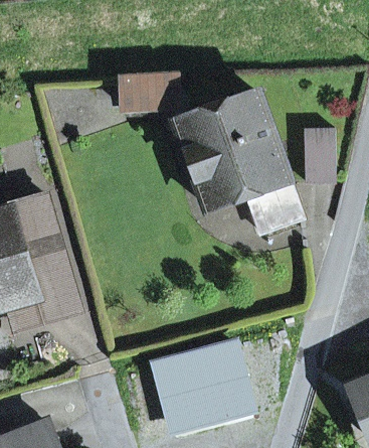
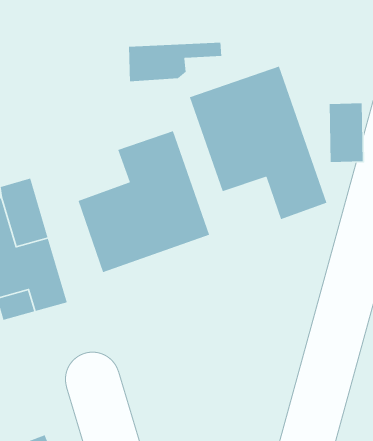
building: none -> [77,130,210,273]
building: [155,348,228,423] -> none

